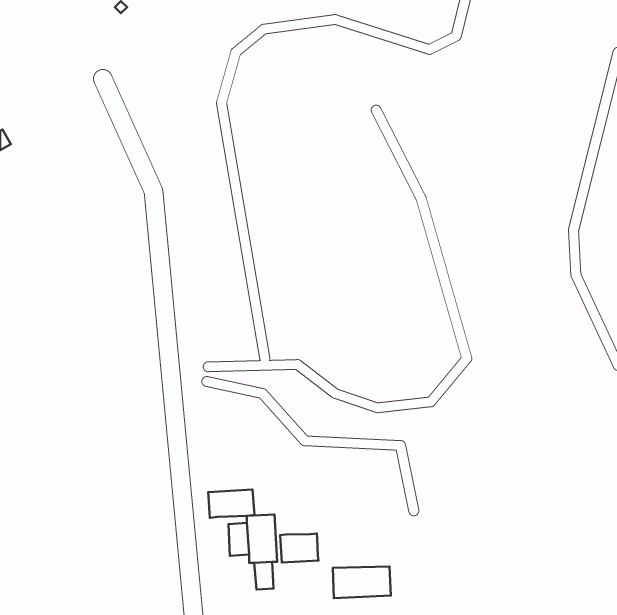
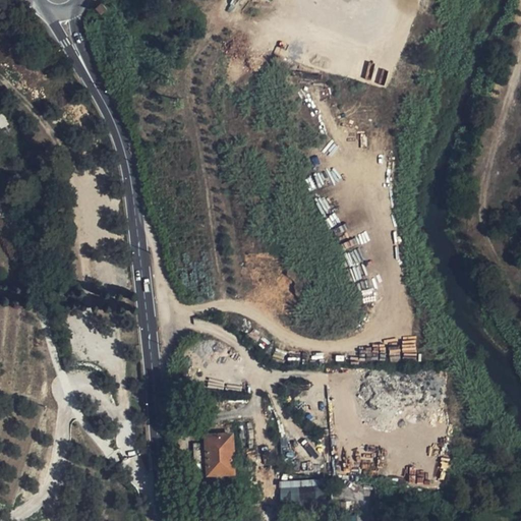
building: [208,489,254,518] -> none
building: [280,533,318,562] -> none

